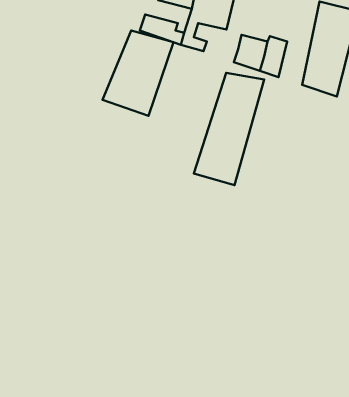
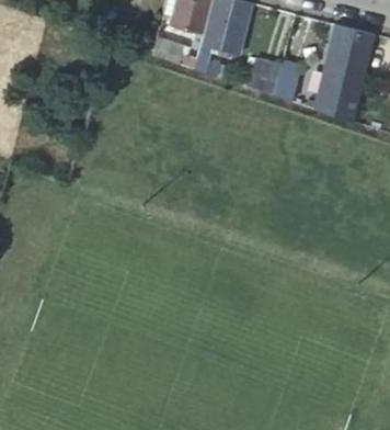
building: [103,30,174,116] -> none
building: [194,73,264,185] -> none

